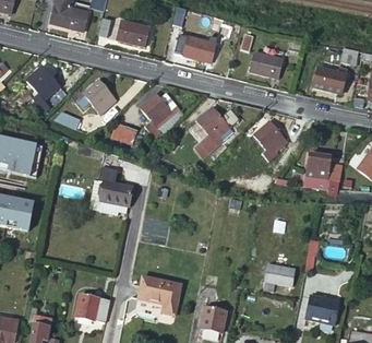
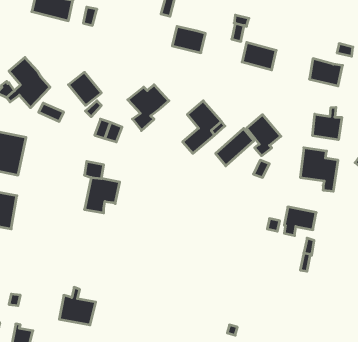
building: [117,20,149,45] -> none
building: none -> [313,107,342,140]
building: none -> [216,128,254,166]
building: [264,263,295,291] -> [284,207,316,236]
building: [139,276,181,314] -> none
building: [305,295,339,323] -> none
building: [200,305,227,331] -> none

